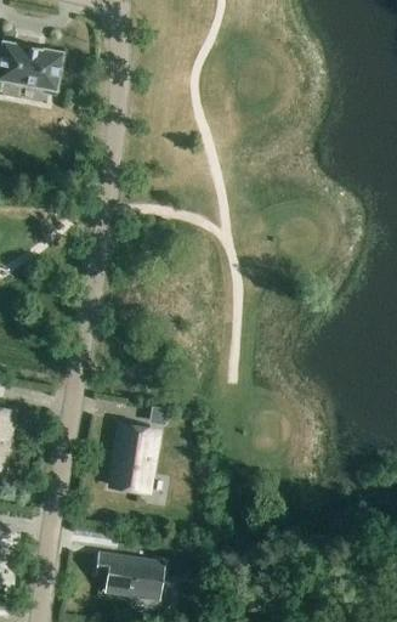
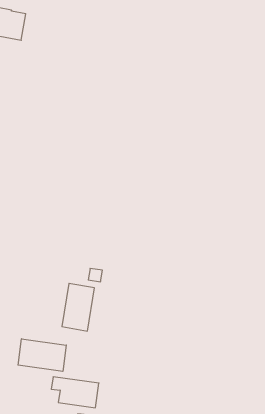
building: none -> [18,339,66,371]

